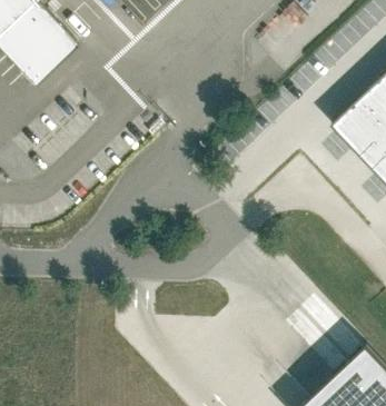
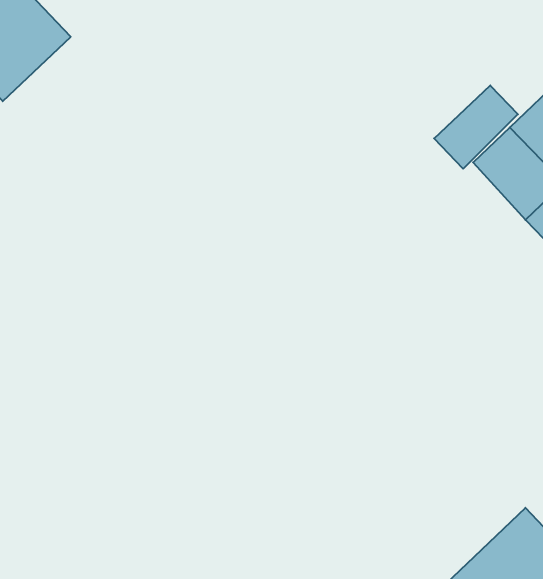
building: none -> [434,85,518,169]

